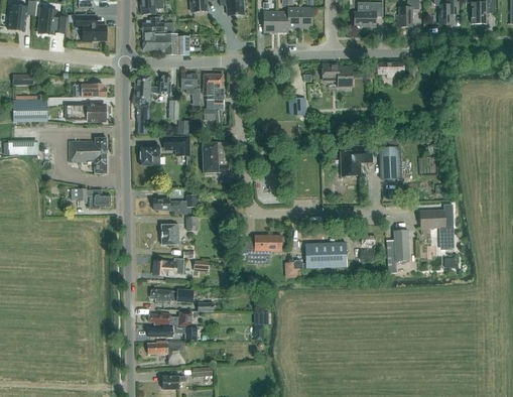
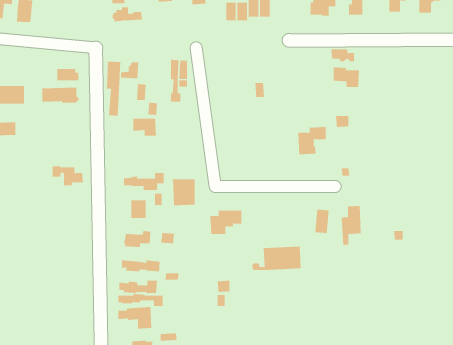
building: [75,14,106,41] -> none
building: [143,31,189,54] -> none
building: [323,63,352,86] -> [333,67,360,87]
building: [181,73,200,104] -> none
building: [70,137,108,173] -> none
building: [203,142,228,171] -> [172,179,196,206]
building: [140,145,159,165] -> none
building: [380,147,401,178] -> none
building: [420,205,454,249] -> none
building: [293,242,347,268] -> [252,246,301,270]

